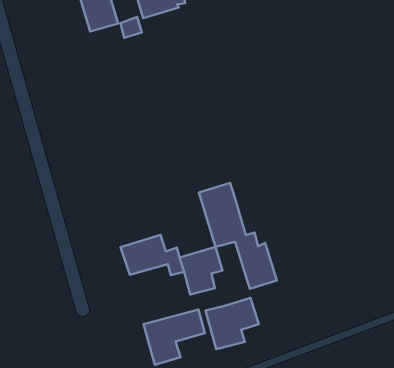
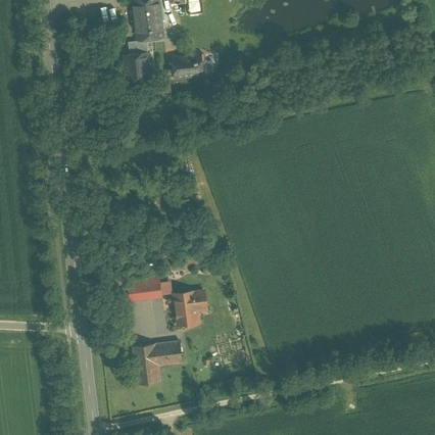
building: [199,183,277,289] -> none
building: [206,298,259,349] -> none

